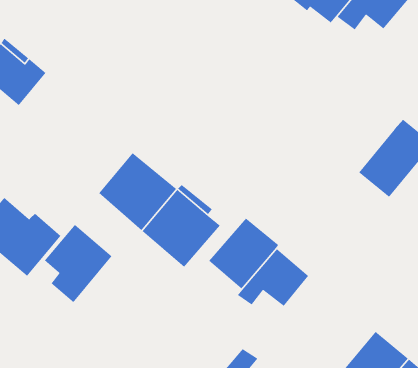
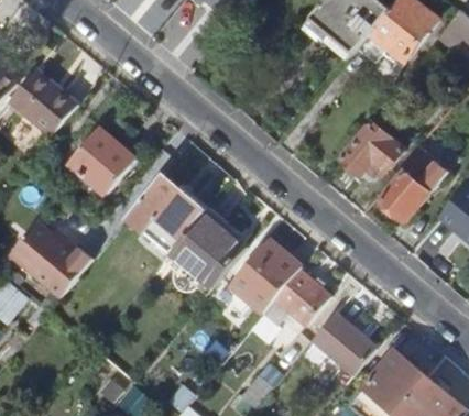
building: none -> [339,122,404,177]
building: [44,224,113,303] -> [68,131,134,207]
building: none -> [299,315,374,374]

